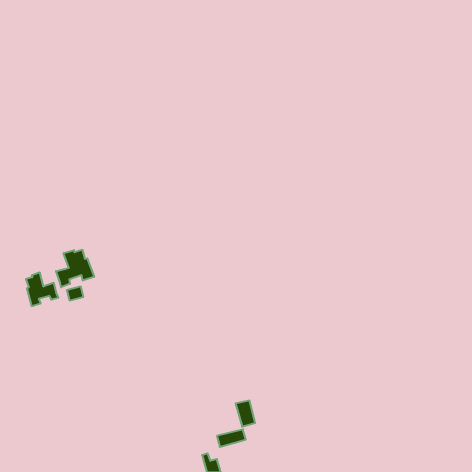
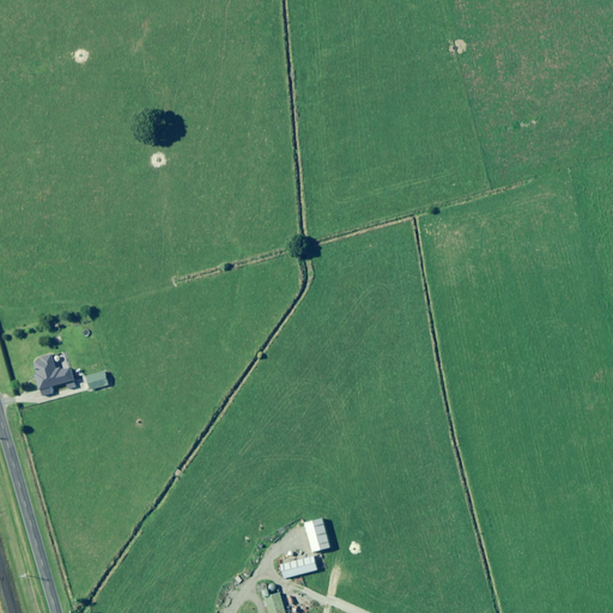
building: [56,250,94,287] -> none

